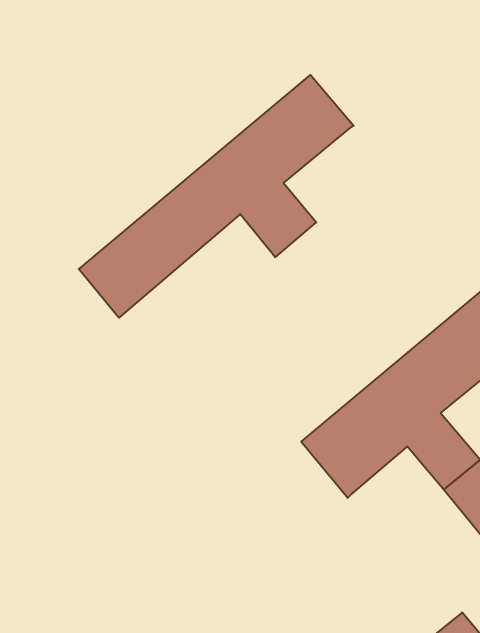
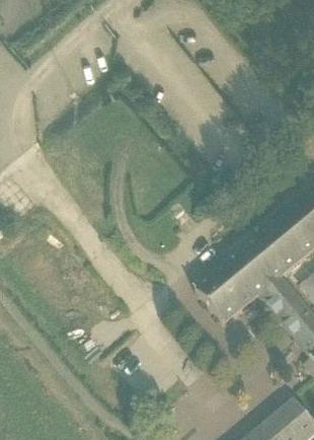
building: [79,75,354,318] -> none

